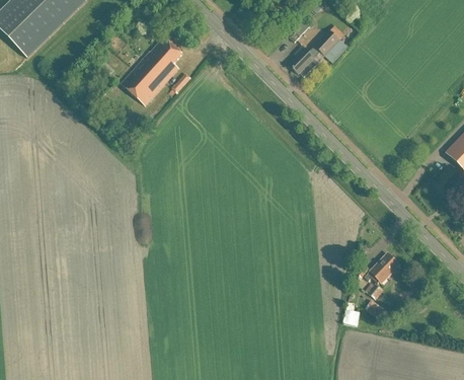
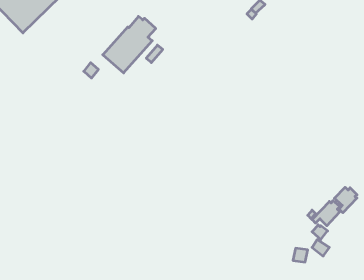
building: [290,28,340,76] -> none
building: none -> [334,187,357,213]

